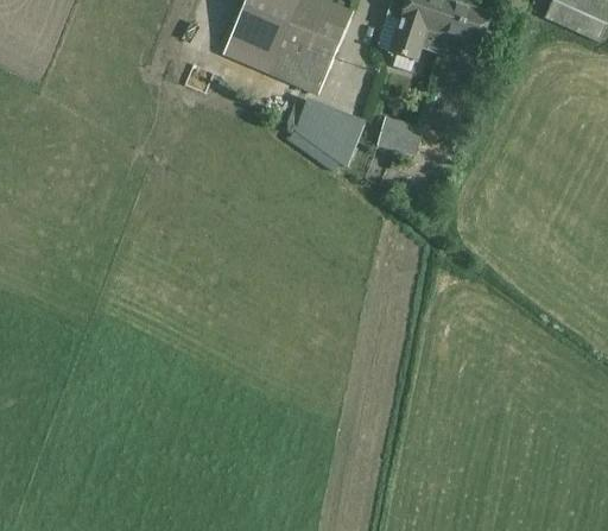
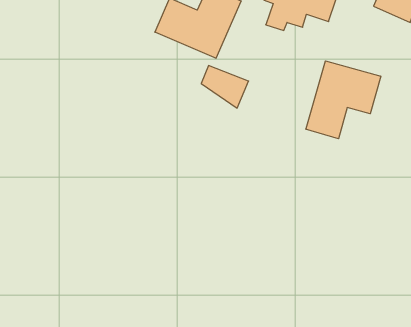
building: none -> [306,61,381,139]
building: [375,116,422,156] -> none

